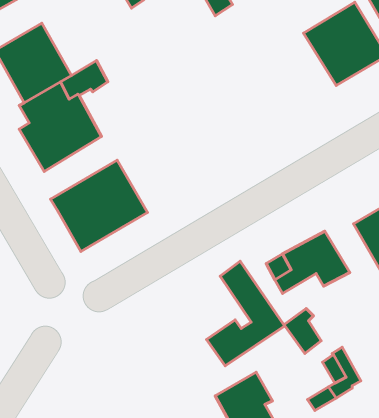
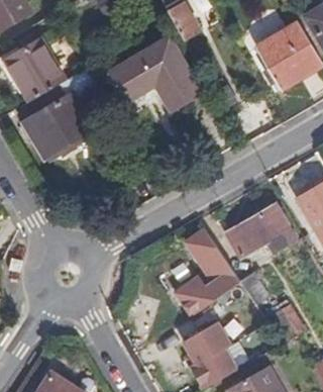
building: none -> [109,39,201,109]
building: [51,160,147,251] -> none

